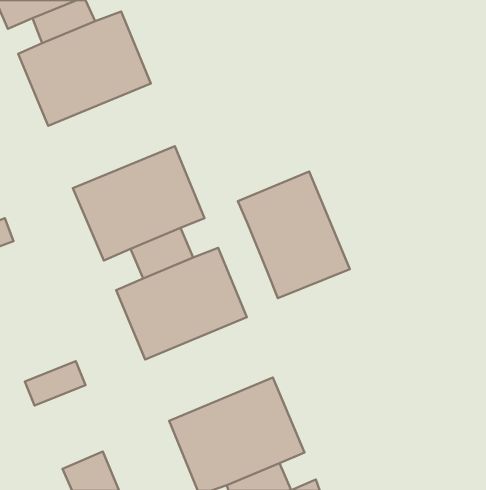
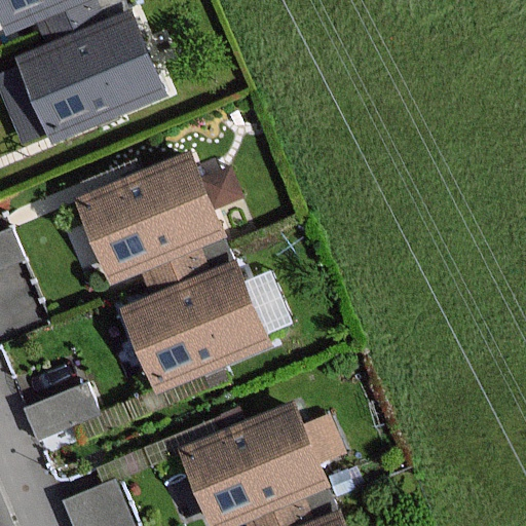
building: [238,172,350,298] -> none

